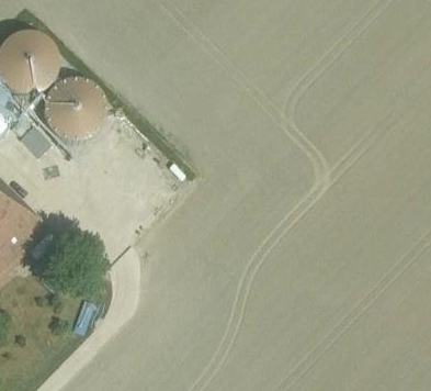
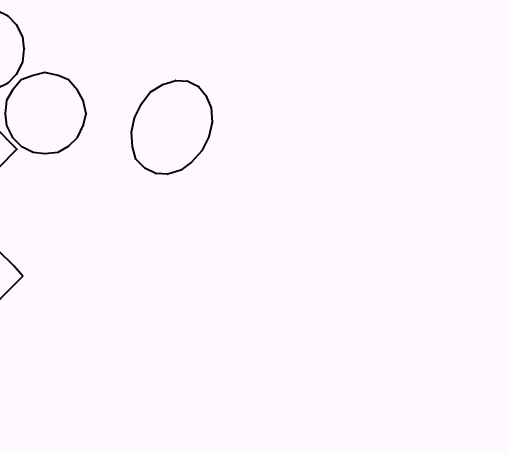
building: none -> [131,80,212,174]

